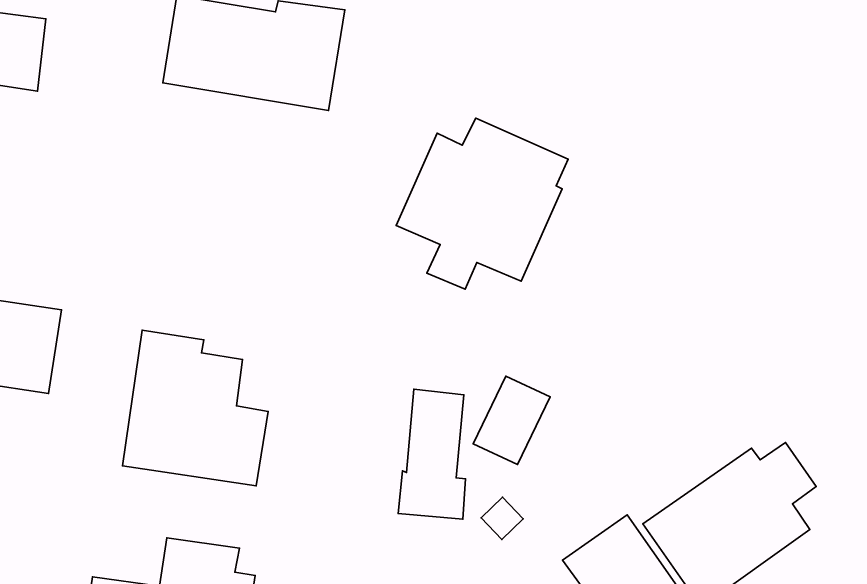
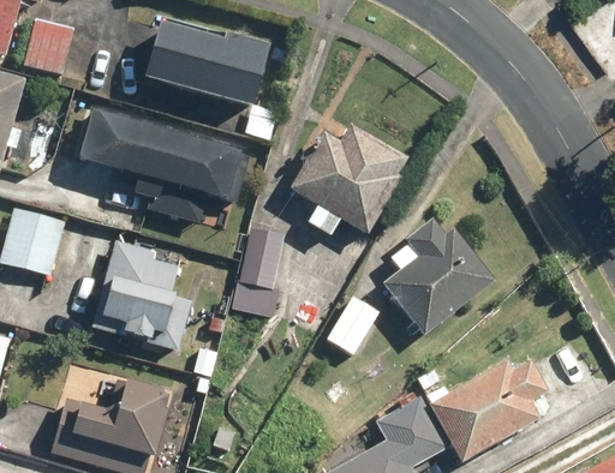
building: none -> [82,107,252,220]
building: none -> [381,217,495,336]
building: [398,389,466,519] -> [229,228,281,317]

